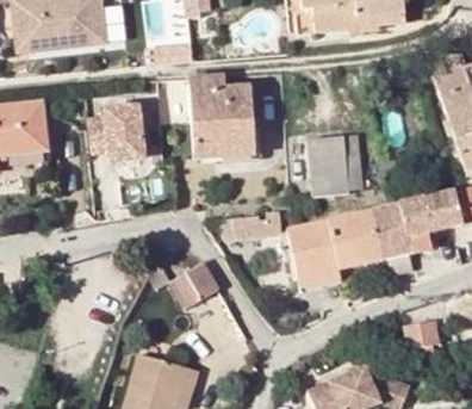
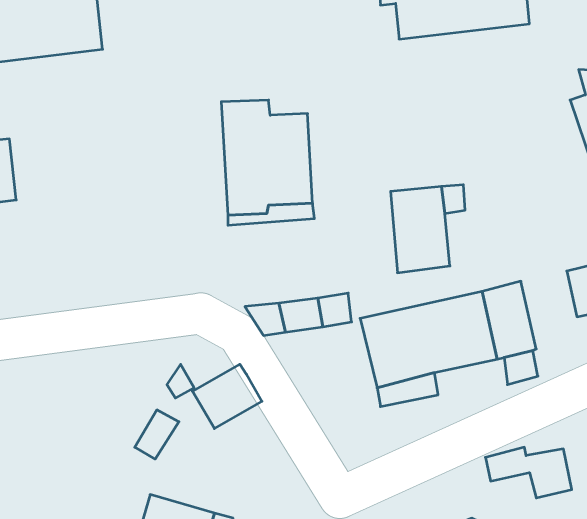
building: [83,106,138,161] -> none
building: [402,196,441,250] -> none

